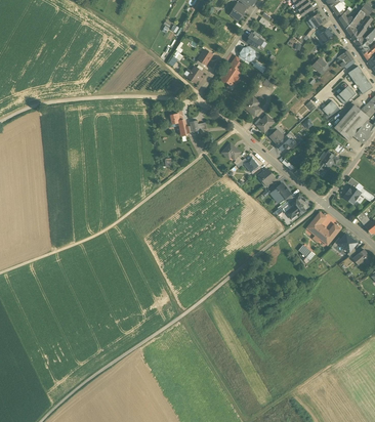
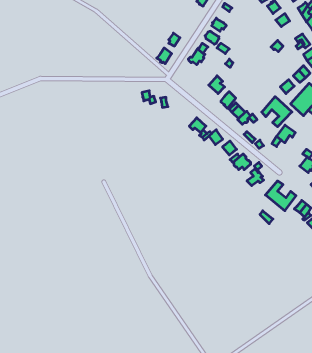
building: none -> [262,97,292,127]

